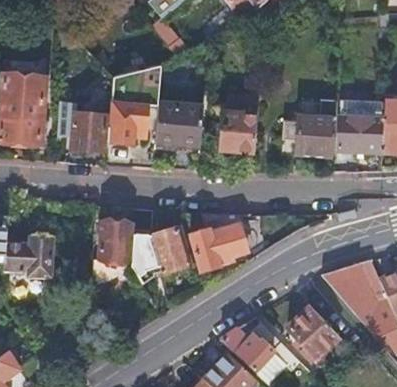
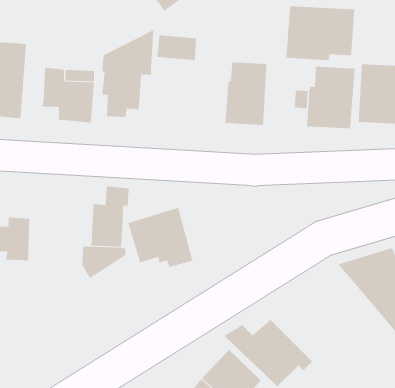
building: none -> [286,6,355,61]
building: [153,101,198,146] -> none
building: [191,213,245,270] -> none
building: [286,301,337,358] -> none

